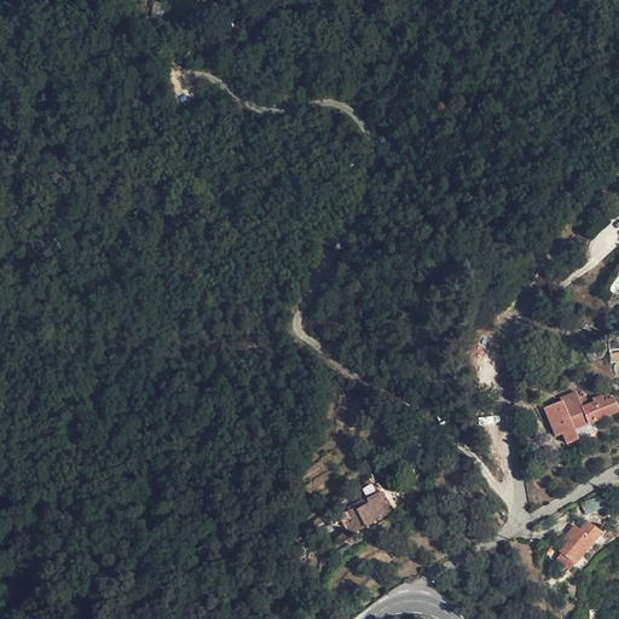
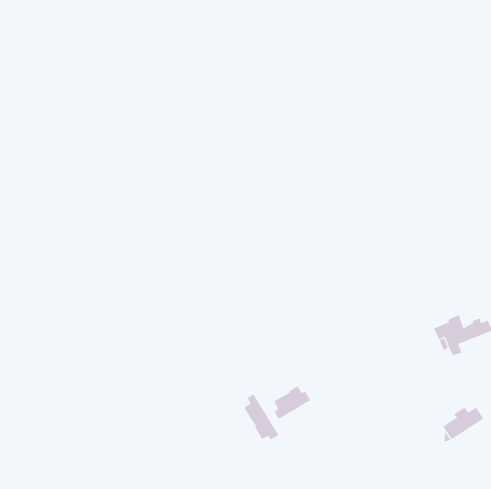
building: none -> [244,394,279,441]

